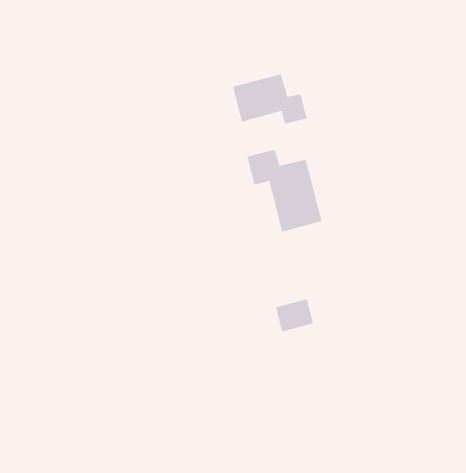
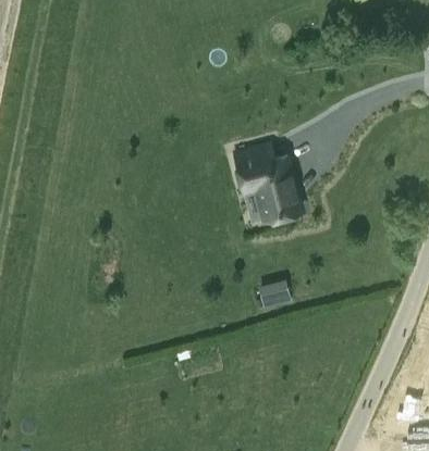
building: [233,74,307,125] -> none

